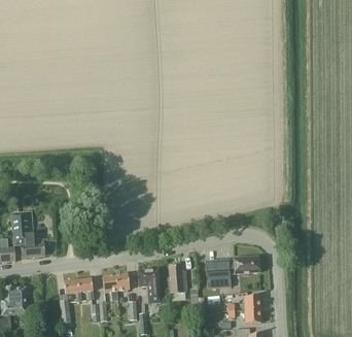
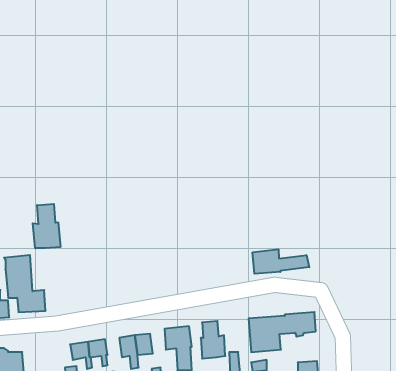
building: none -> [33,204,60,248]
building: none -> [253,249,309,274]

